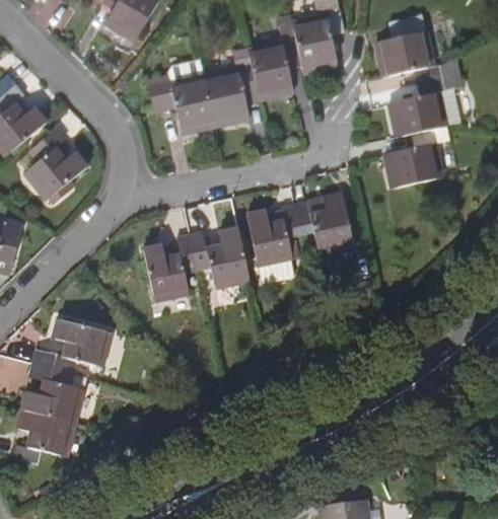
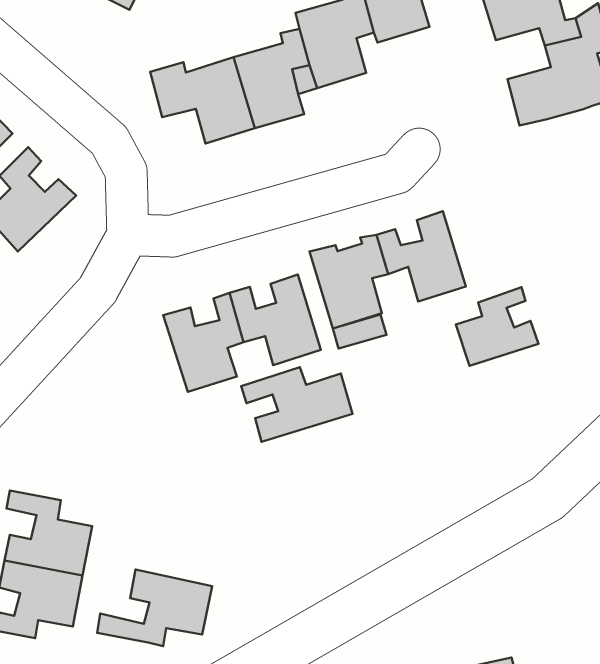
building: [385,128,443,187] -> none
building: none -> [456,287,539,366]
building: none -> [241,367,352,442]
building: [28,319,110,373] -> [97,570,212,646]

